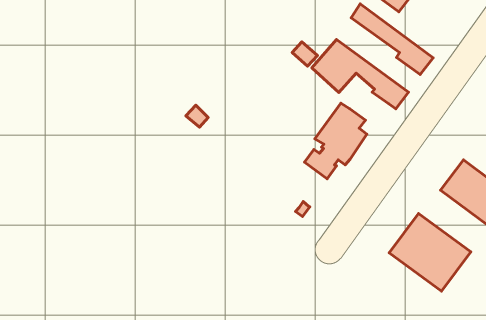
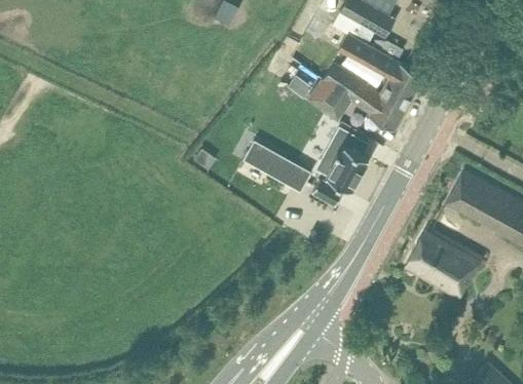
building: none -> [328,59,412,112]
building: none -> [244,140,309,190]

